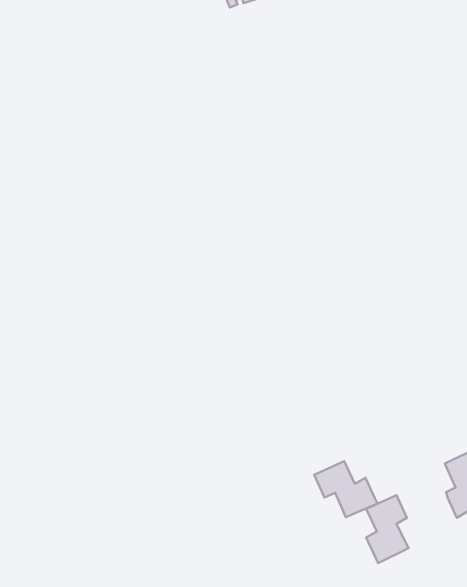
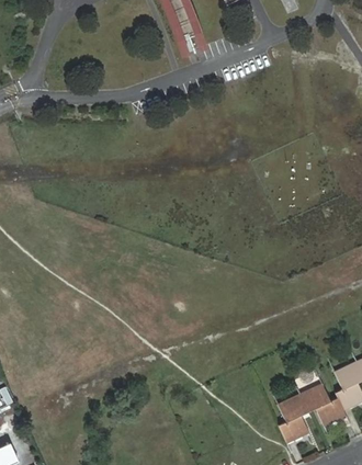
building: [314,461,378,517] -> [301,384,347,424]

